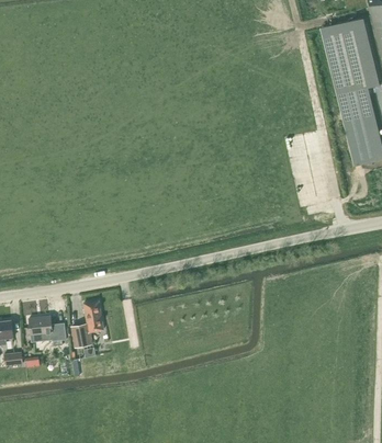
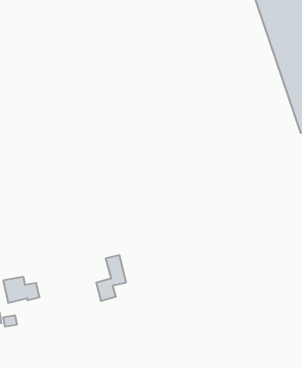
building: [71,299,103,347] -> [96,255,126,301]

